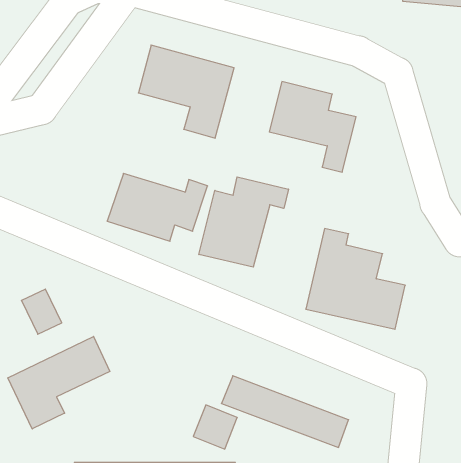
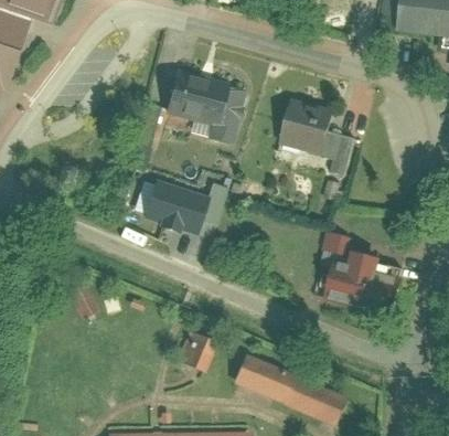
building: [199,177,288,267] -> none
building: [8,336,110,429] -> none
building: [193,405,237,449] -> [180,332,218,371]

